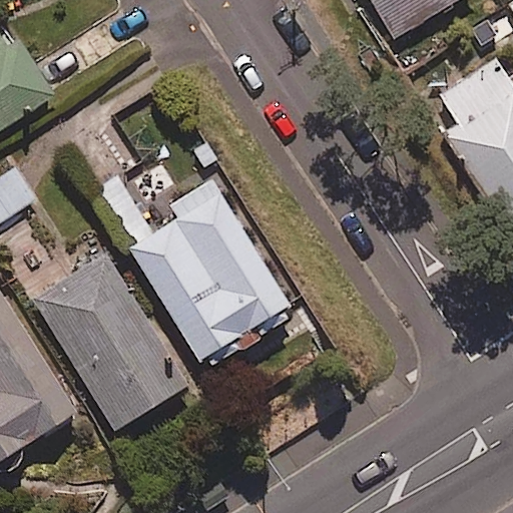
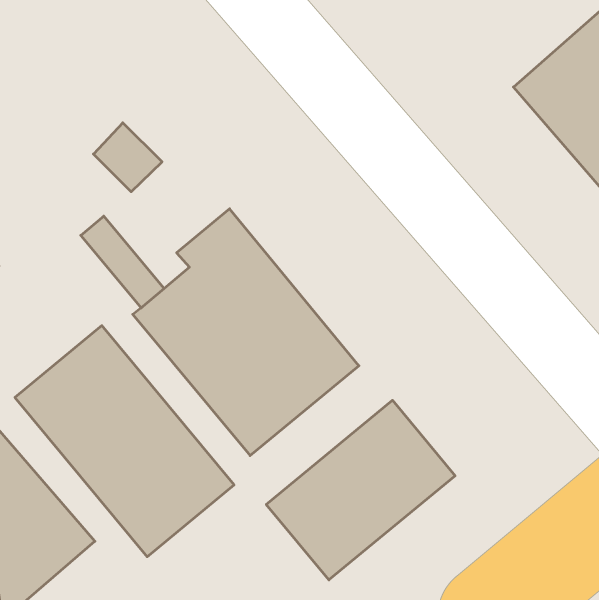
building: none -> [266,400,455,580]

